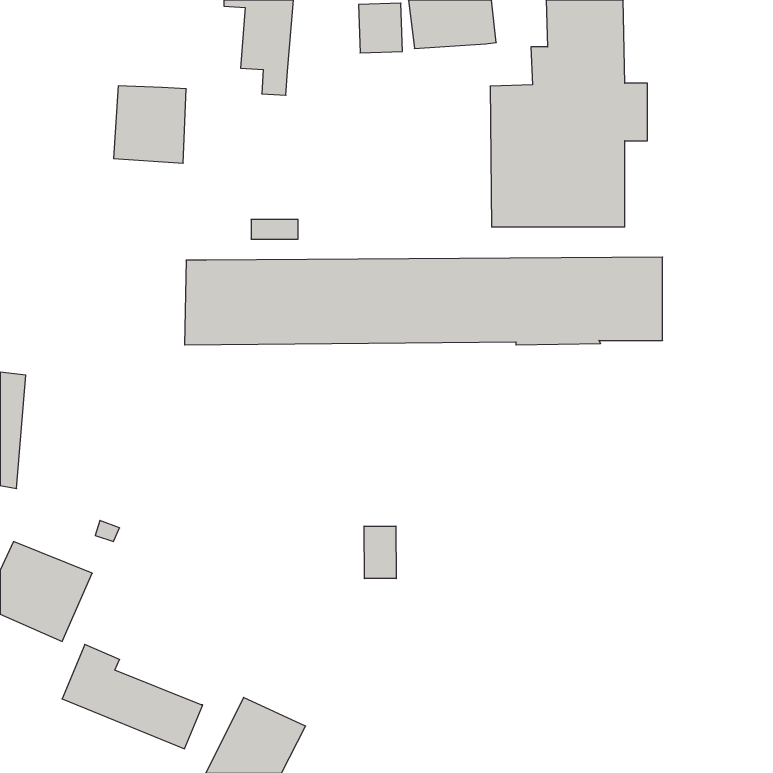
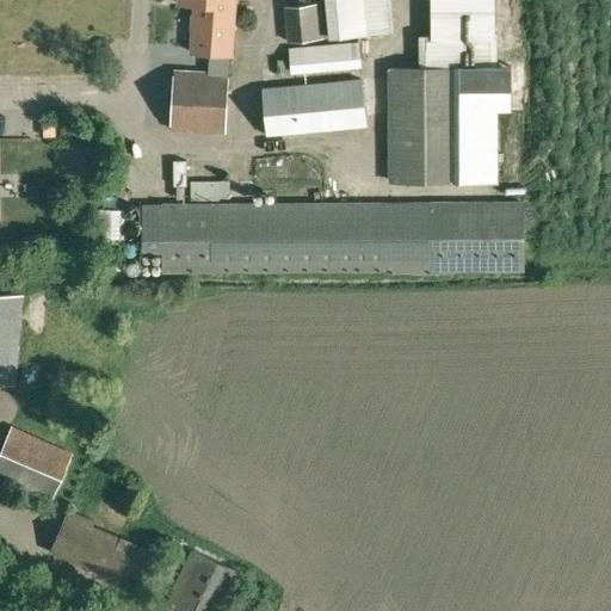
building: none -> [286,44,358,74]
building: [114,86,186,163] -> [168,73,226,134]
building: none -> [260,81,364,136]
building: [364,526,396,579] -> none

